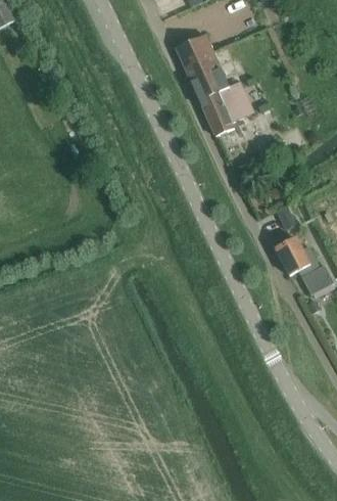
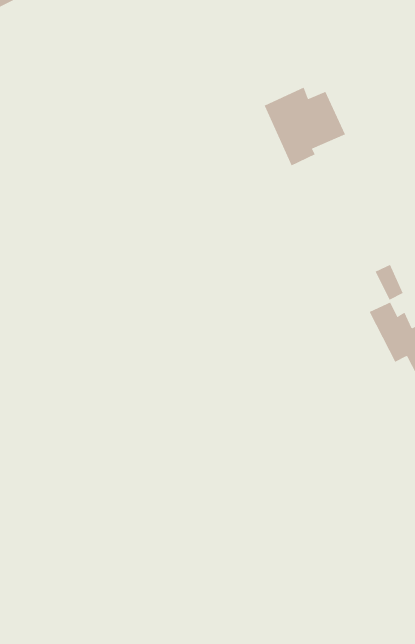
building: [175,35,224,91] -> none

